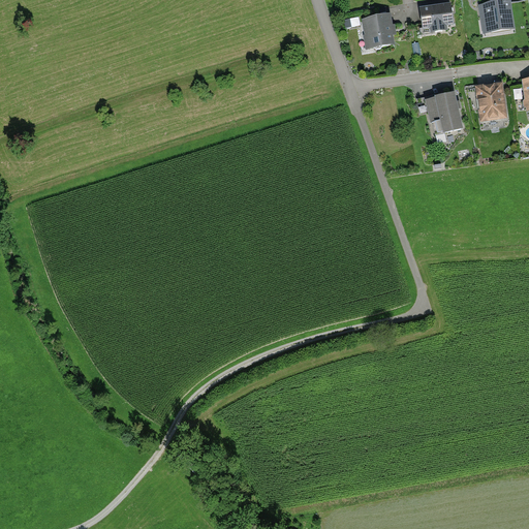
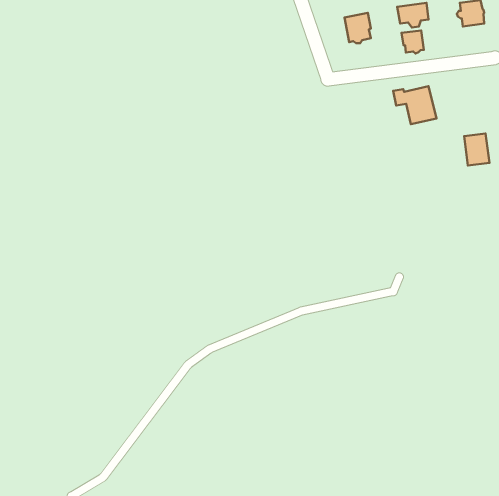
building: none -> [402,30,424,53]
building: [477,83,504,117] -> [464,133,489,166]

